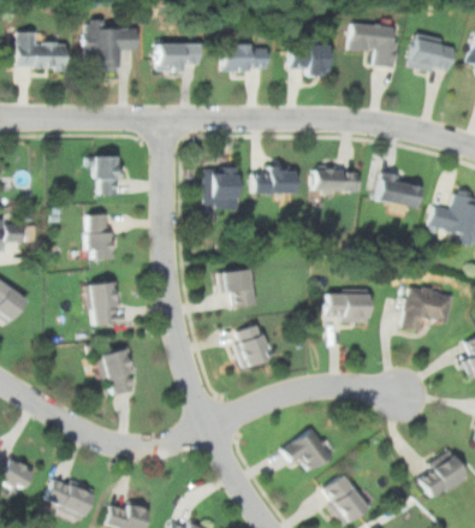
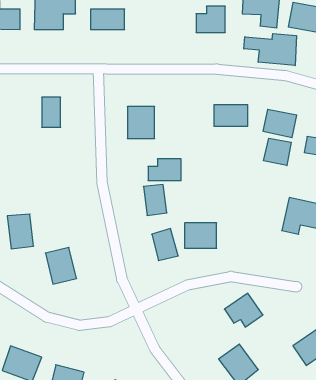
building: [222,46,266,71] -> none
building: none -> [244,34,296,66]
building: [253,165,295,192] -> [148,159,181,181]
building: none -> [264,138,291,166]
building: [87,213,113,259] -> none
building: [88,281,121,326] -> [7,214,34,249]
building: [327,289,368,321] -> [185,223,217,248]
building: [284,428,333,471] -> [224,293,263,327]

